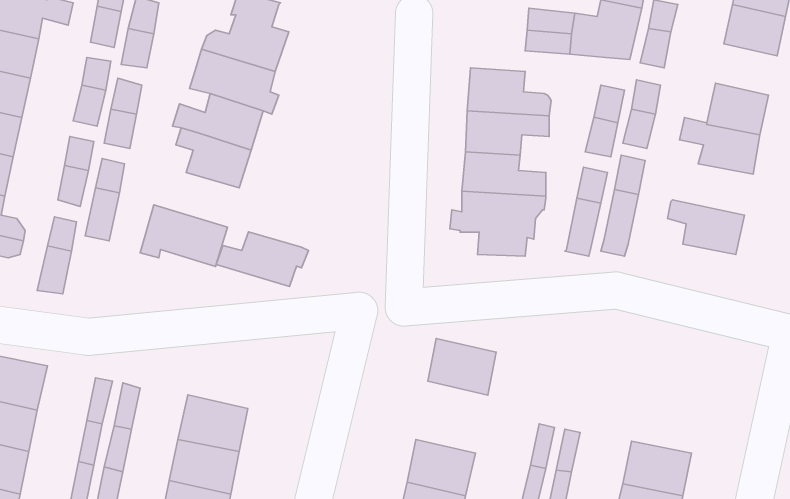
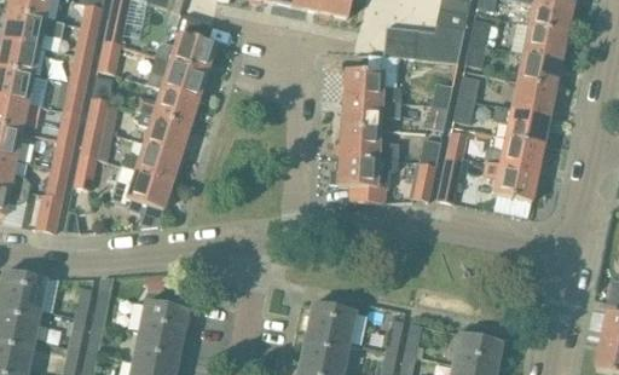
building: none -> [517,52,561,88]
building: none -> [484,137,544,173]
building: [216,232,308,287] -> [121,143,186,181]
building: [428,339,496,395] -> [306,301,354,341]

